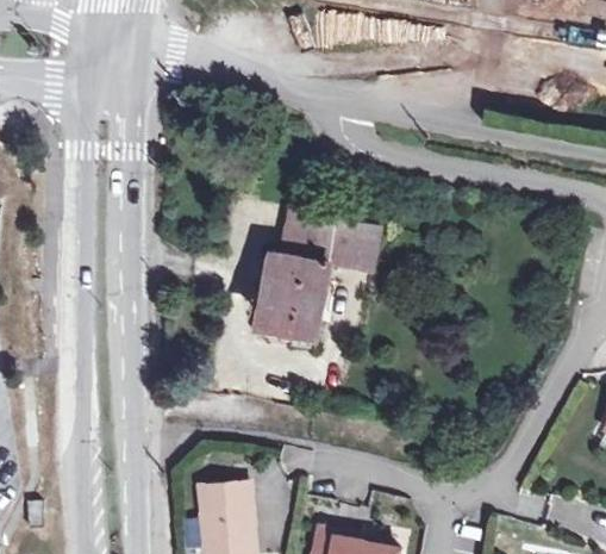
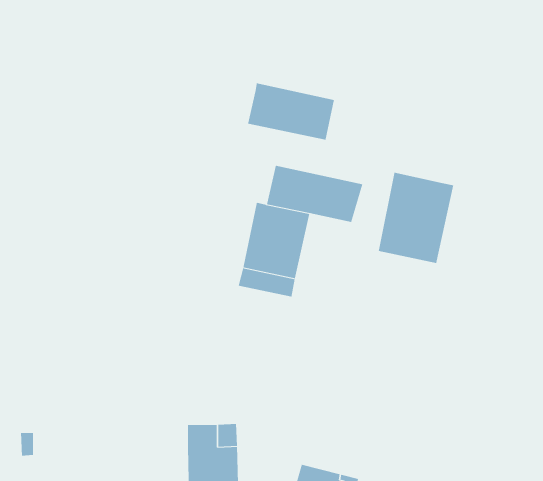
building: none -> [248,83,334,141]
building: none -> [378,172,454,264]

